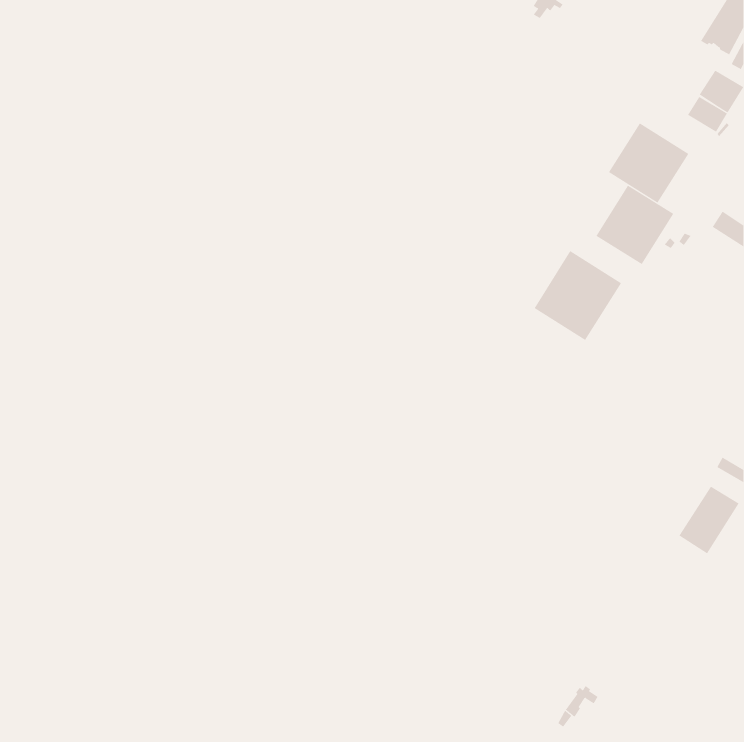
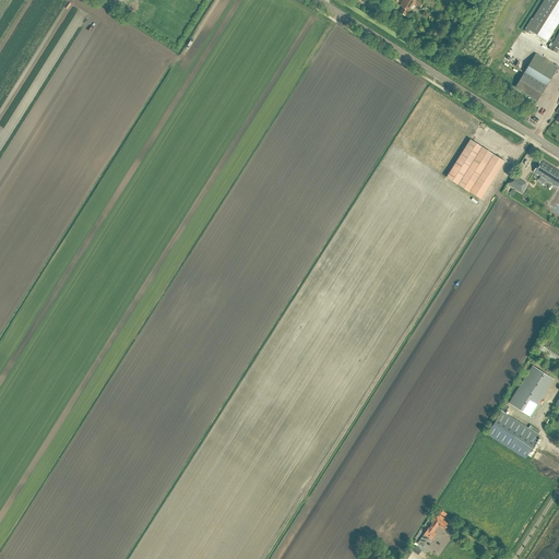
building: [608,123,689,204] -> none
building: [534,250,622,341] -> none
building: none -> [487,411,540,457]

